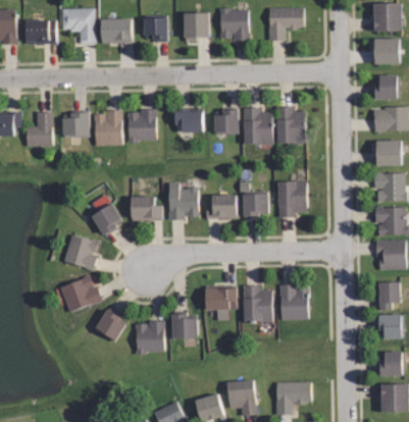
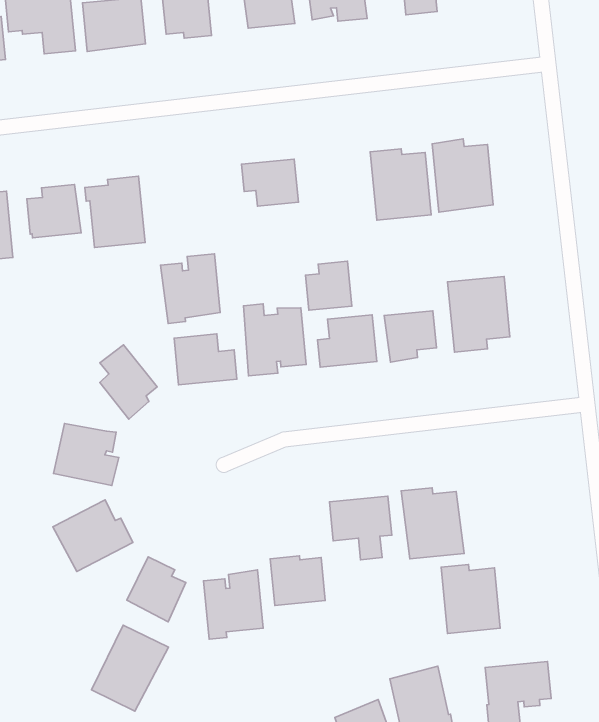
building: [126,108,155,142] -> [160,254,220,323]
building: [214,110,237,134] -> [306,261,352,310]
building: [280,284,308,319] -> [441,565,500,633]
building: none -> [91,625,169,711]

